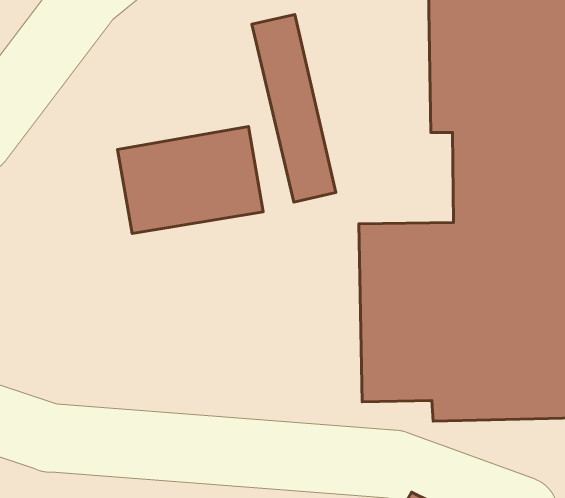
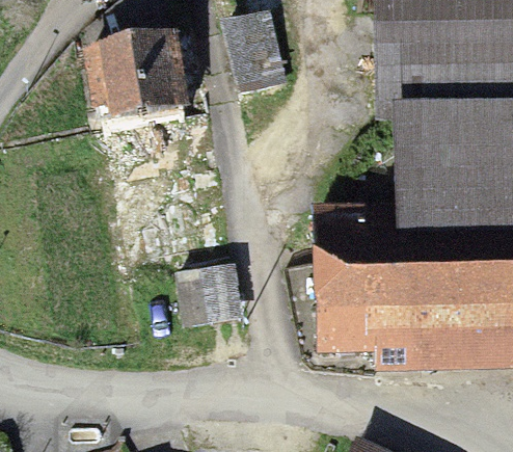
building: [118,126,263,234] -> [84,27,210,119]
building: none -> [177,261,245,325]

